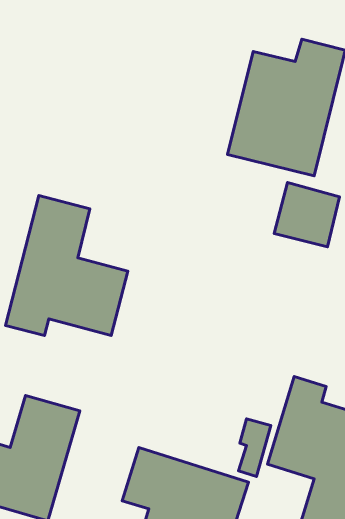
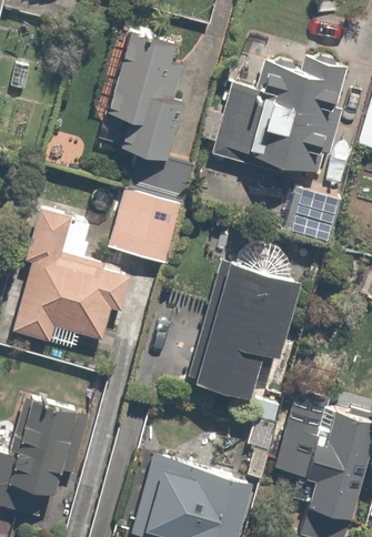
building: none -> [89,22,185,169]
building: none -> [103,186,183,263]
building: none -> [192,266,305,406]

